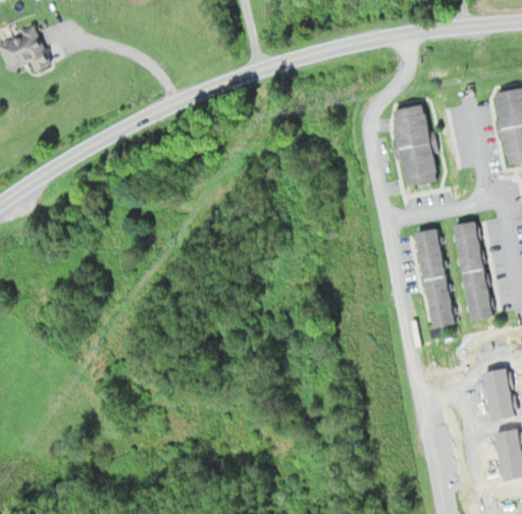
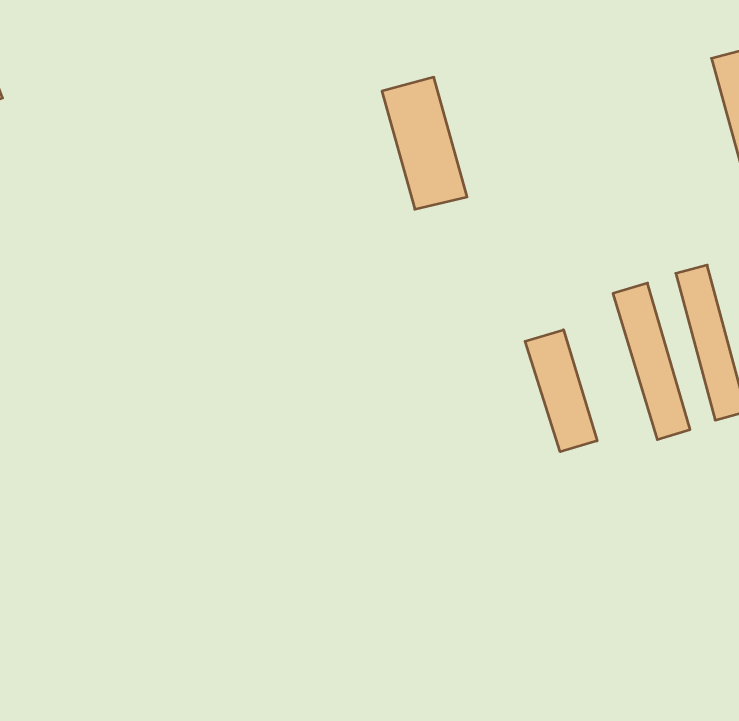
building: [390,104,436,186] -> [382,77,467,209]
building: none -> [525,330,597,452]

